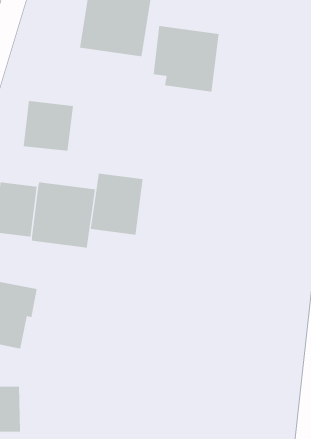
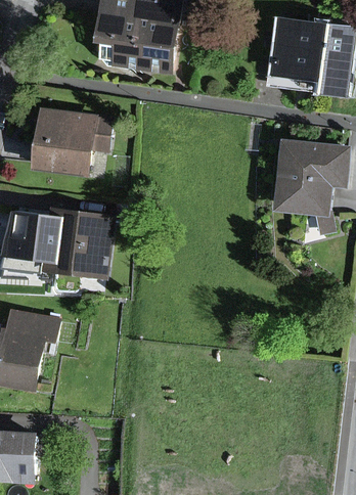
building: [153,25,220,92] -> [272,19,346,93]
building: none -> [276,141,345,231]
building: [90,173,143,235] -> none

